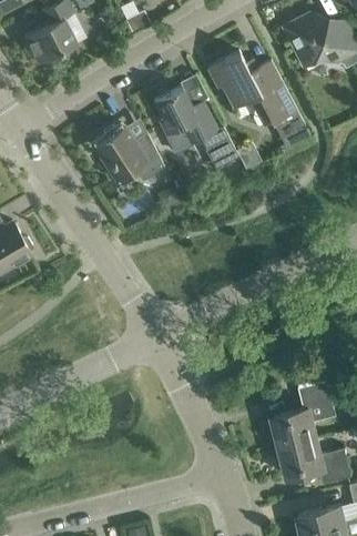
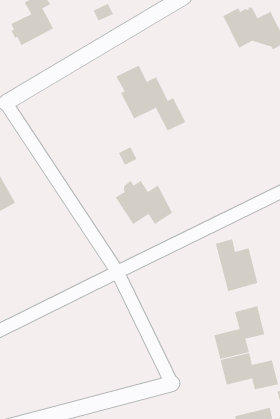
building: [207,51,309,149] -> none
building: [92,127,163,181] -> [115,180,173,225]
building: none -> [215,238,258,292]

